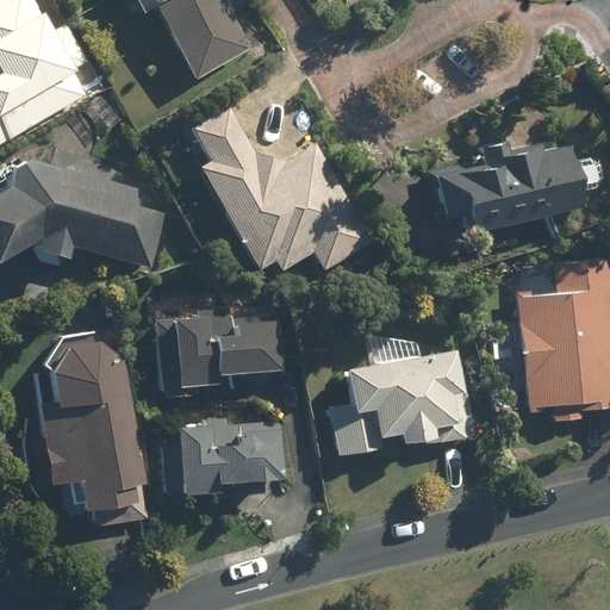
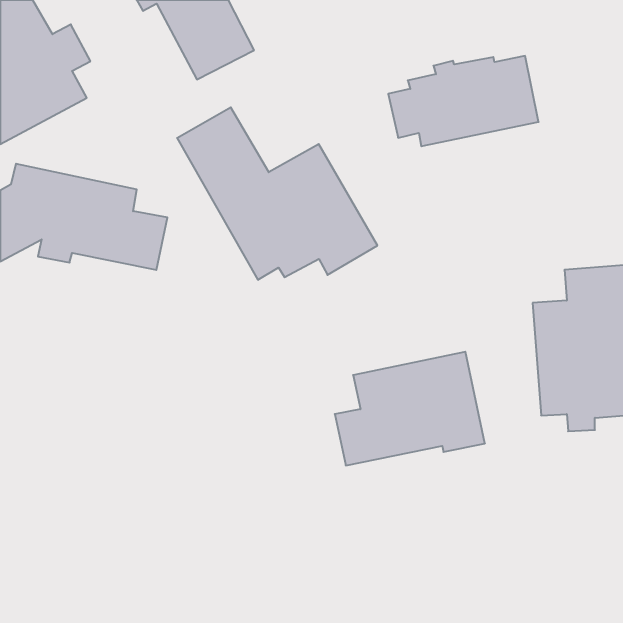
building: [438,142,585,230] -> [388,56,539,146]
building: [162,310,279,400] -> none
building: [41,336,144,510] -> none
building: [160,423,280,492] -> none

